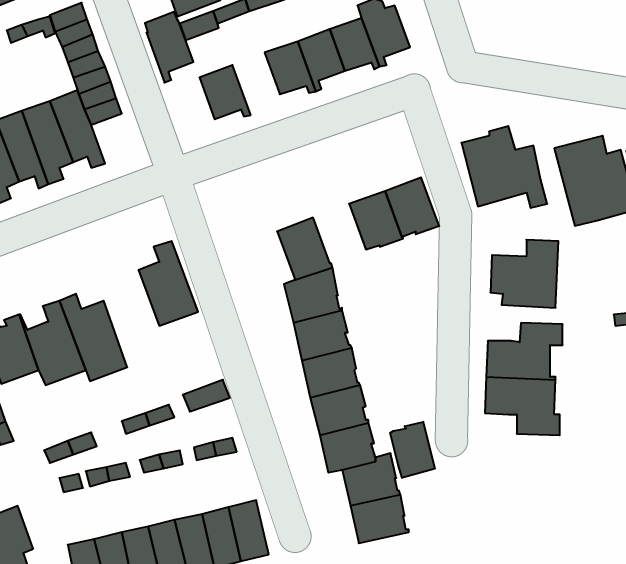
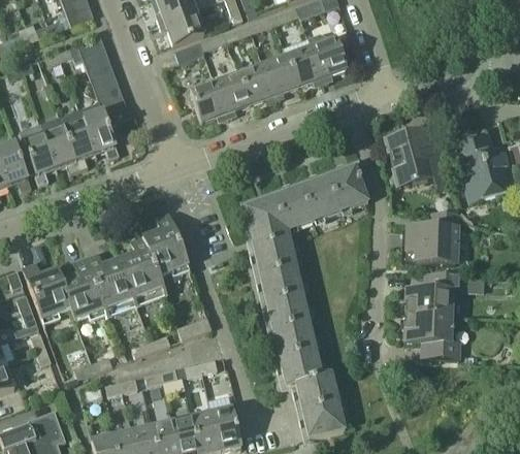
building: [145,12,193,83] -> [213,66,249,119]
building: none -> [273,185,314,229]
building: none -> [118,234,166,306]
building: [390,422,435,478] -> none

